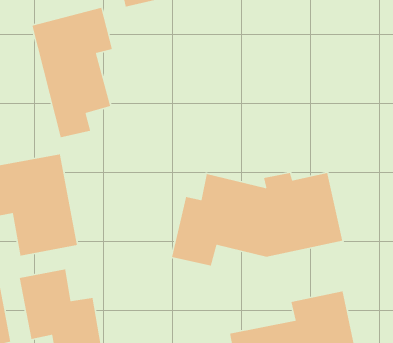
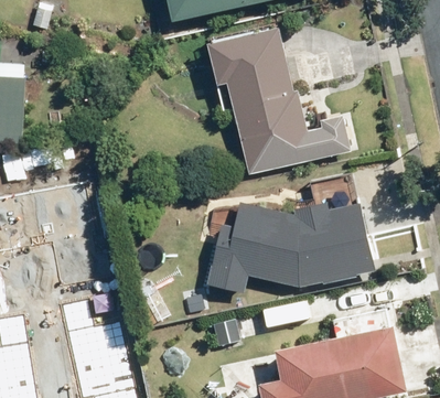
building: none -> [203,25,353,176]
building: [31,7,113,138] -> none

